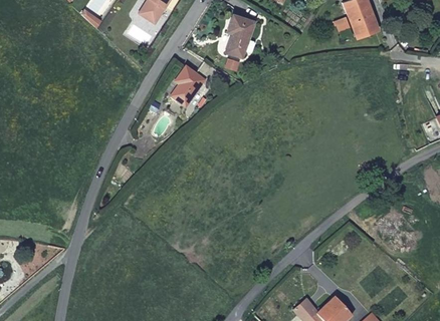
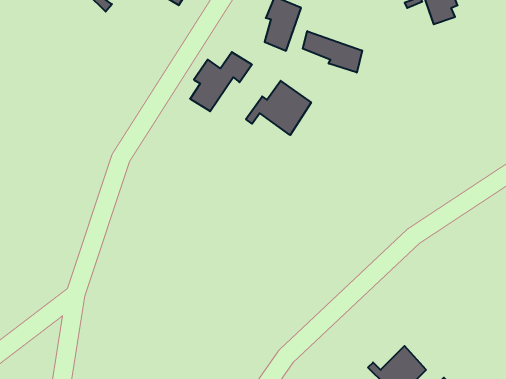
building: none -> [303,31,362,73]
building: none -> [246,81,311,135]

